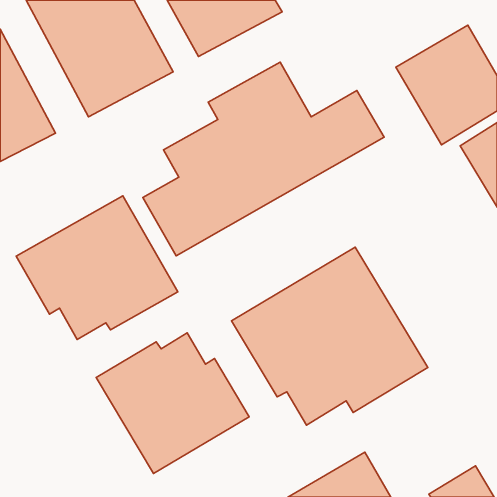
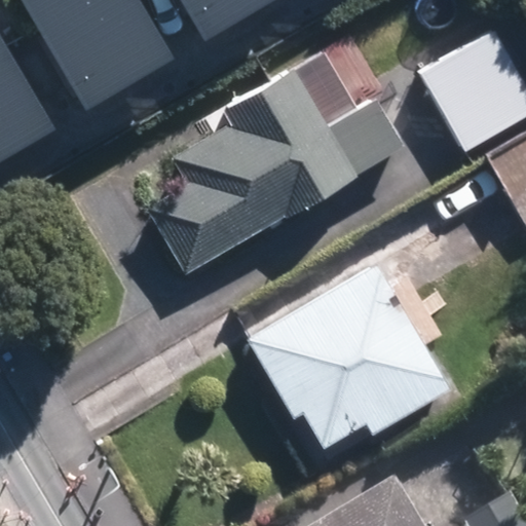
building: [16,196,178,340] -> none
building: [96,333,249,473] -> none

